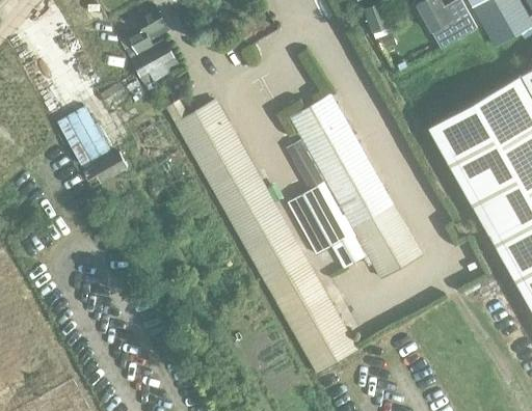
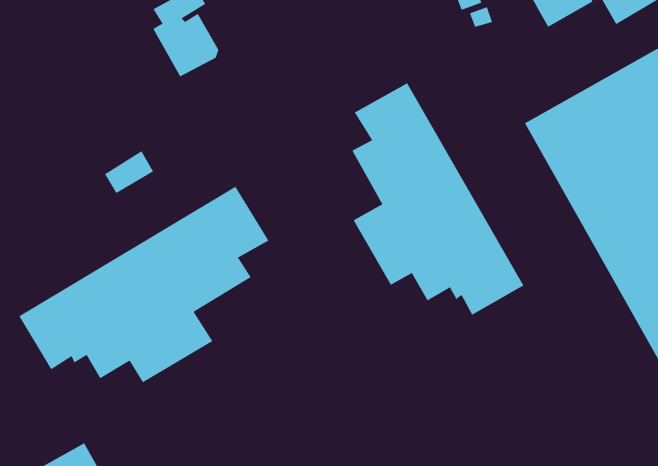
building: [167,100,360,376] -> none
building: [63,105,109,156] -> none
building: none -> [19,186,269,383]

